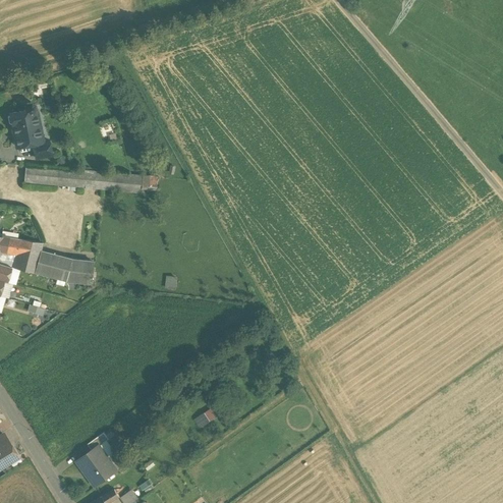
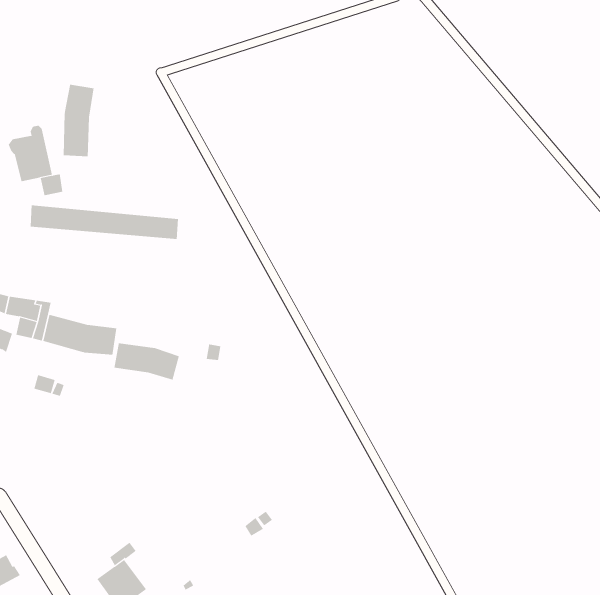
building: none -> [63,84,94,157]
building: none -> [114,343,180,381]

